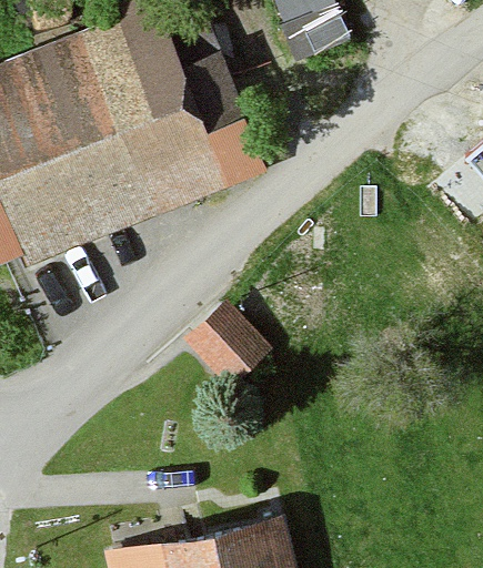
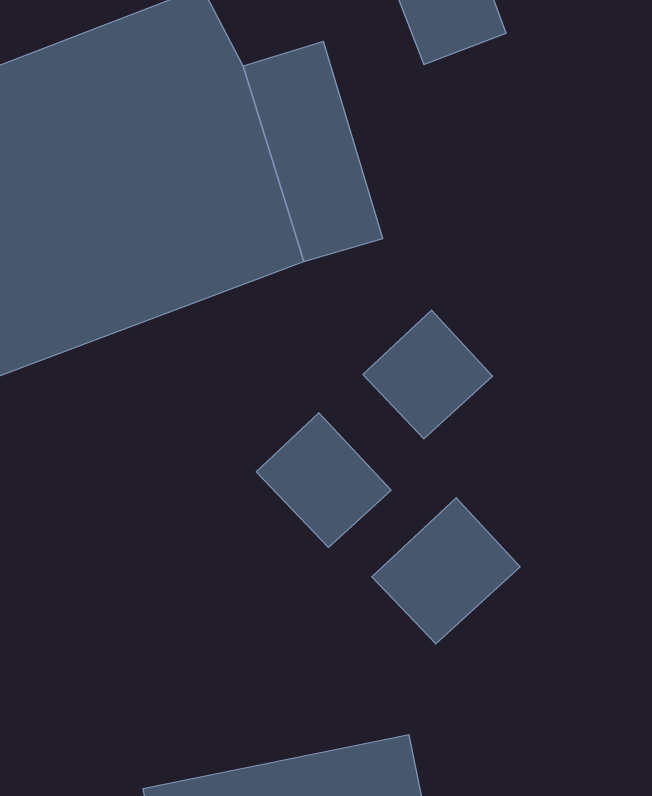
building: none -> [363,310,493,439]
building: none -> [372,498,520,644]

